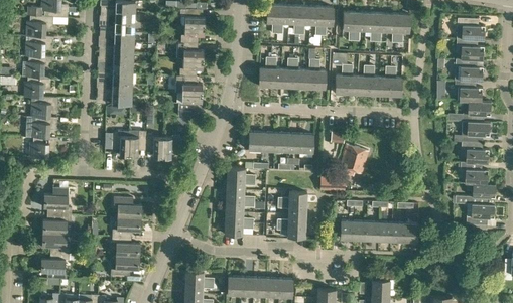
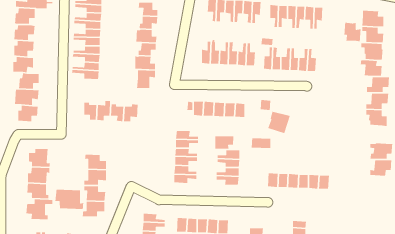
building: none -> [343,22,361,42]
building: [461,162,488,184] -> none
building: none -> [214,135,234,150]
building: none -> [55,189,84,210]

